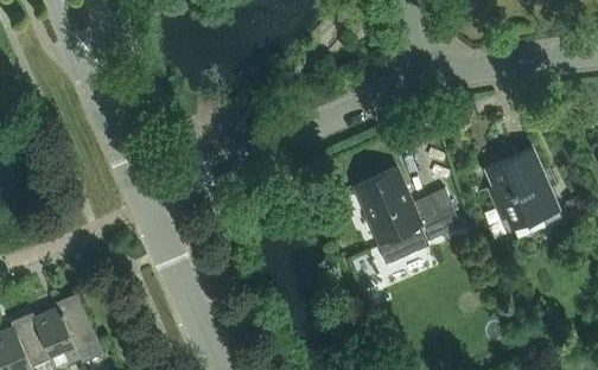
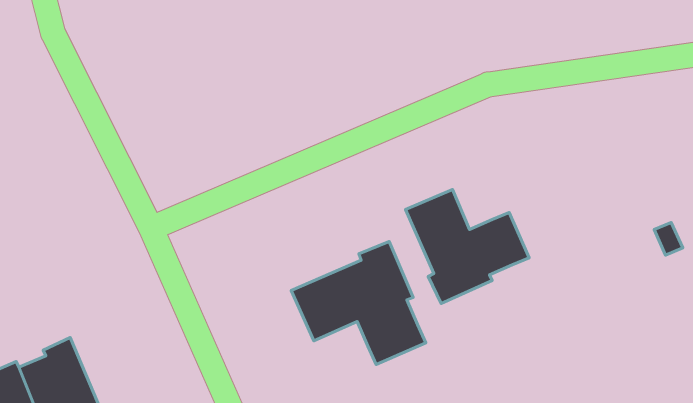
building: [484,146,560,230] -> none
building: none -> [291,242,426,365]

